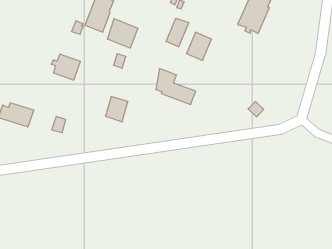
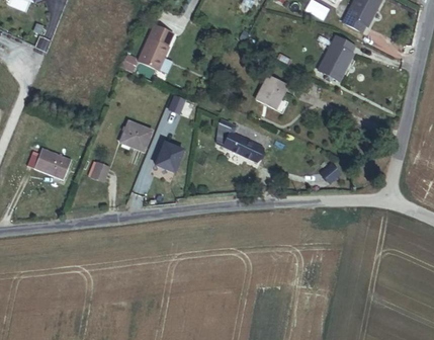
building: [166,18,189,47] -> none
building: [107,19,138,48] -> none
building: [51,54,80,80] -> [117,123,152,155]

